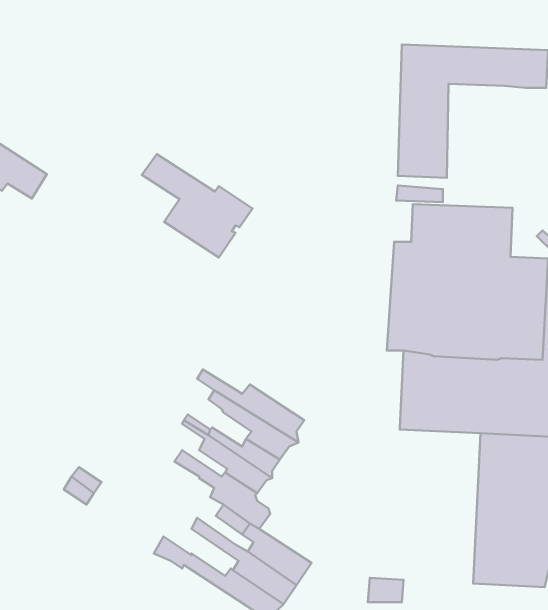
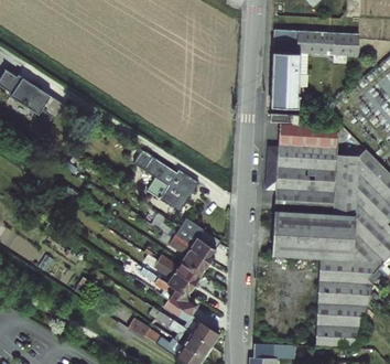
building: [142,154,253,257] -> [133,151,198,212]

